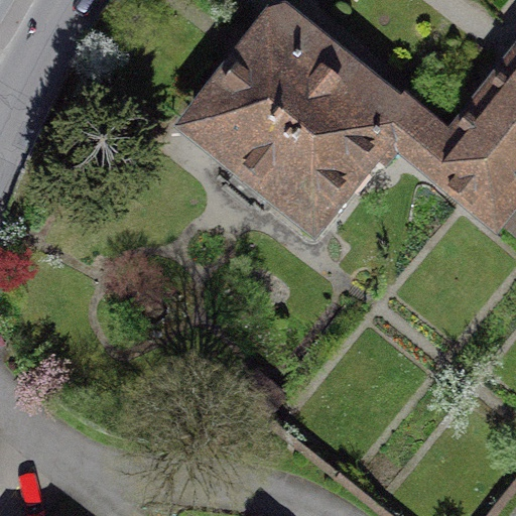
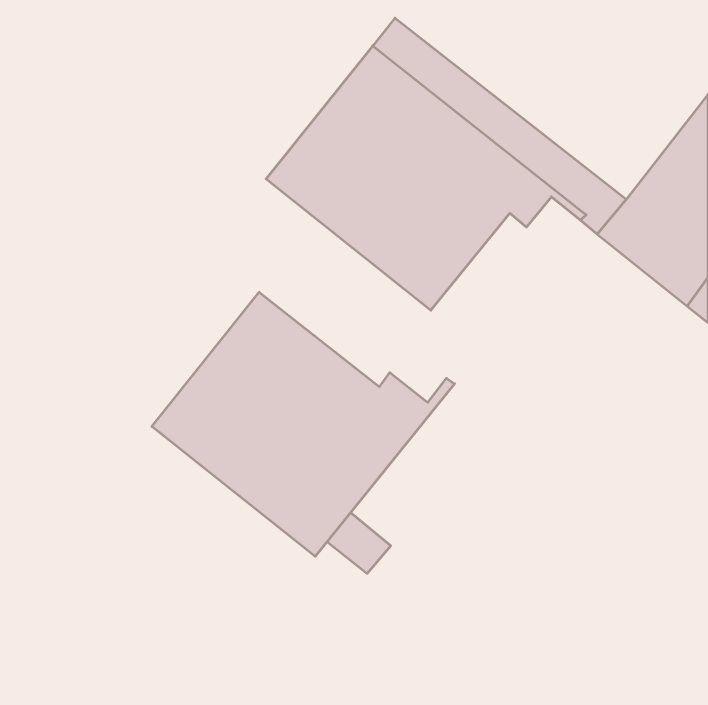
building: none -> [152,292,455,556]

